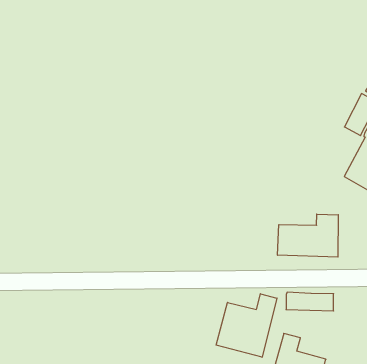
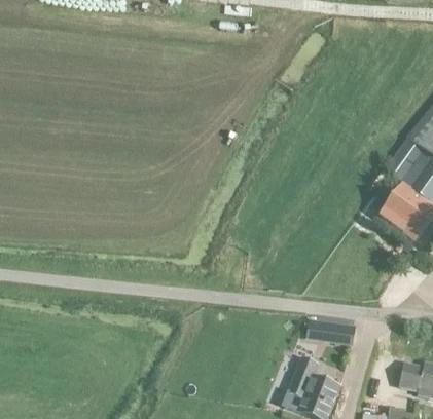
building: [278,214,338,257] -> none
building: [216,294,277,357] -> none

